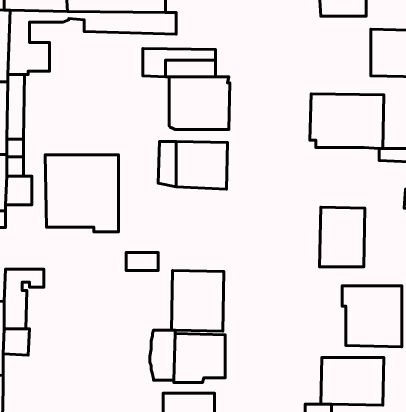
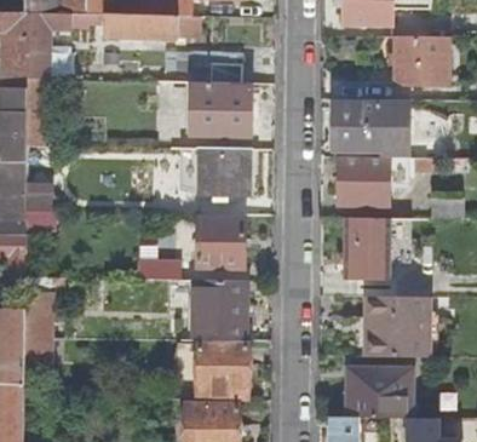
building: none -> [338,155,389,203]
building: [45,155,118,232] -> none
building: none -> [197,219,243,268]

